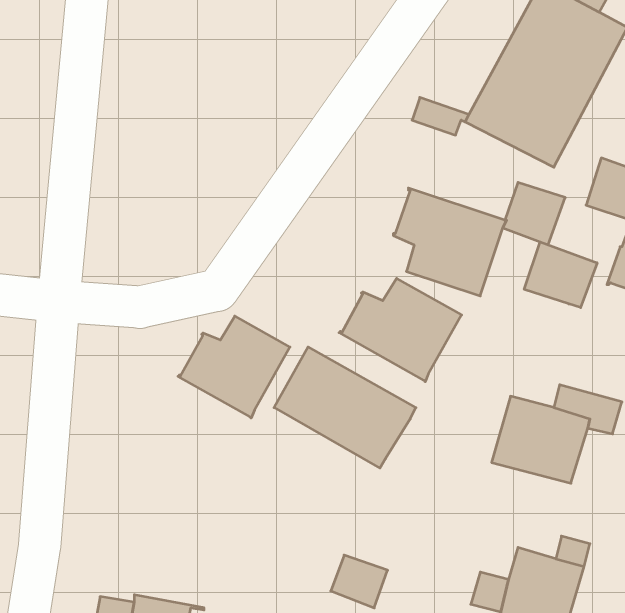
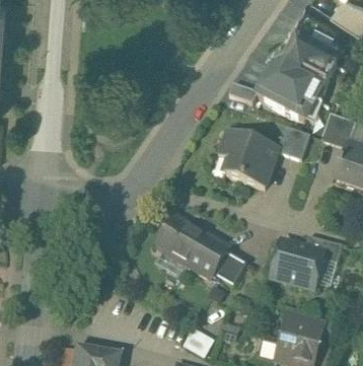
building: [524,242,597,308] -> none
building: [339,278,462,382] -> none
building: [178,316,290,418] -> none
building: none -> [215,252,245,284]

